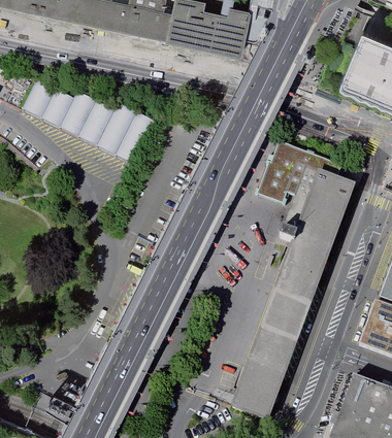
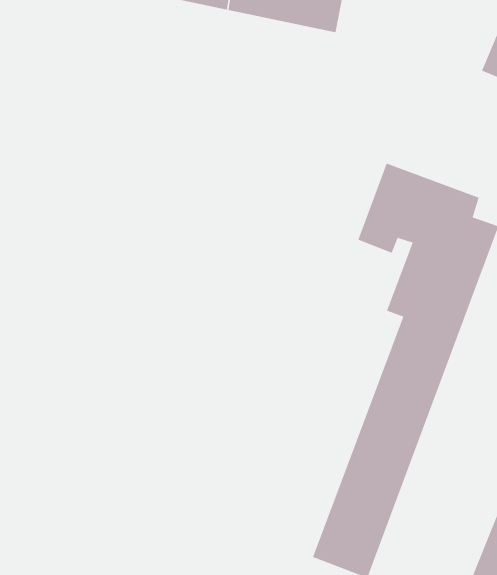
building: [23,86,156,167] -> none

